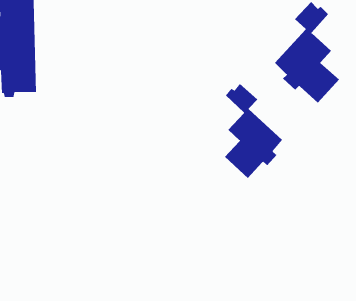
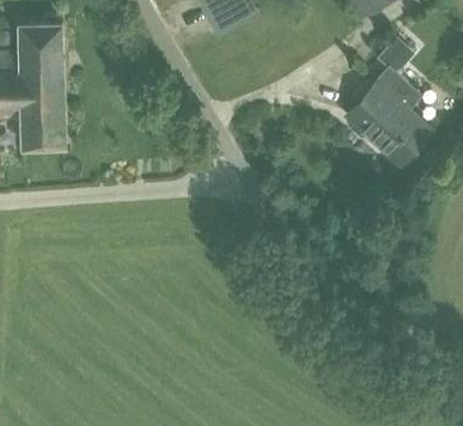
building: [224,83,283,179] -> none

